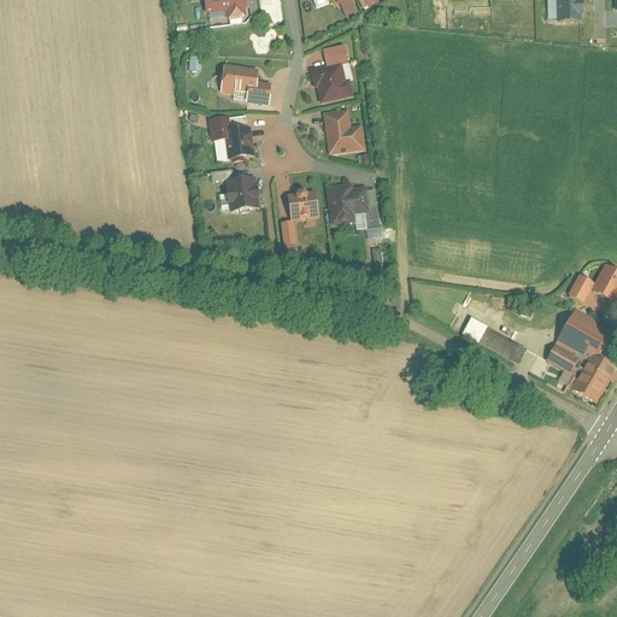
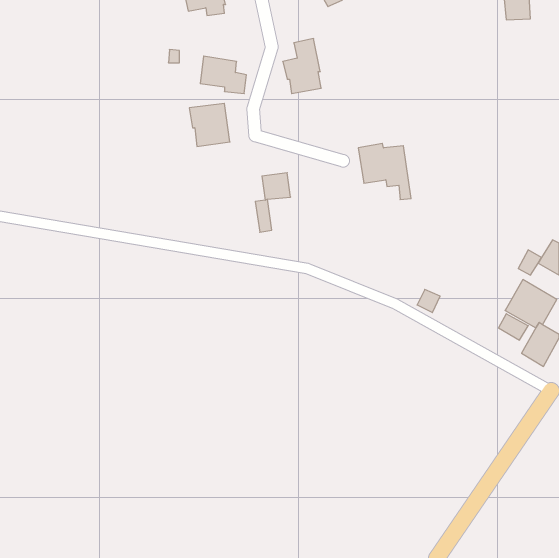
building: [323,108,364,154] -> none
building: [225,175,260,212] -> none
building: [324,181,382,242] -> [358,143,411,200]
building: [478,328,525,364] -> none

